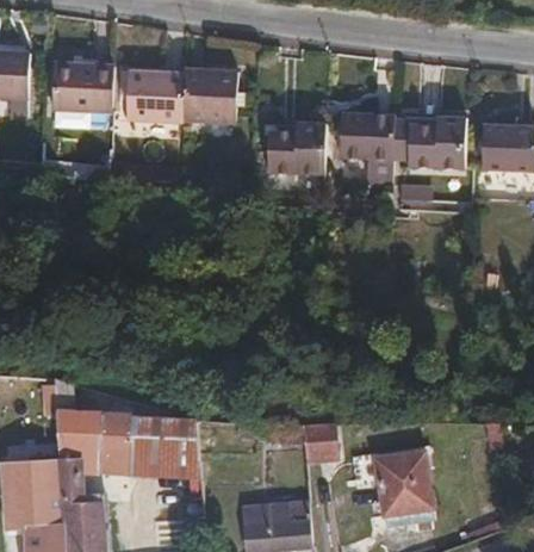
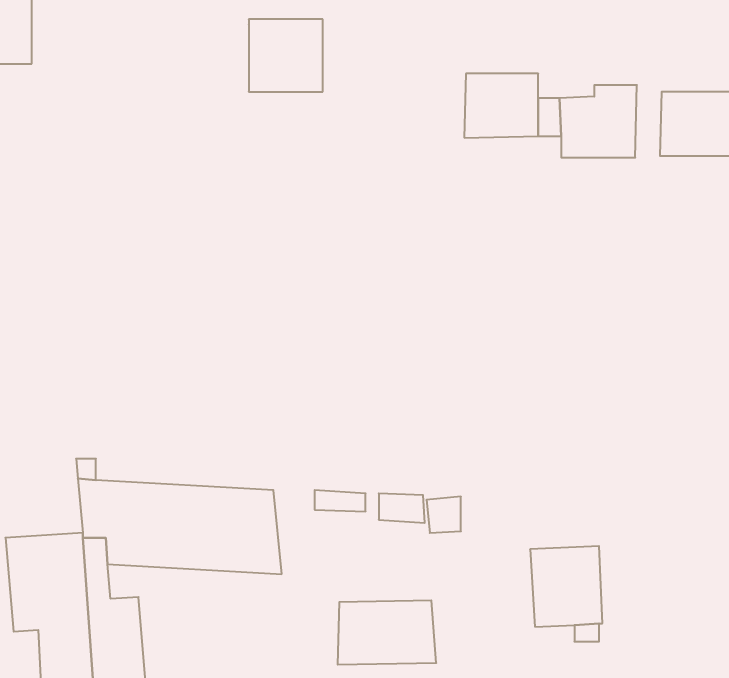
building: [49,68,108,117] -> none
building: [124,75,181,128] -> none
building: [266,123,322,176] -> none

